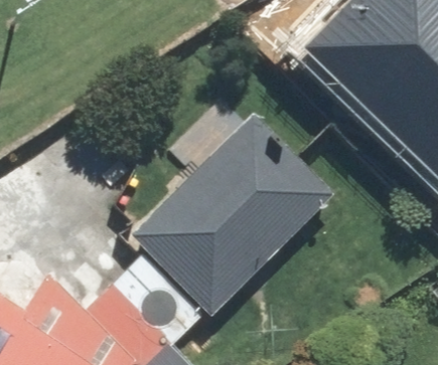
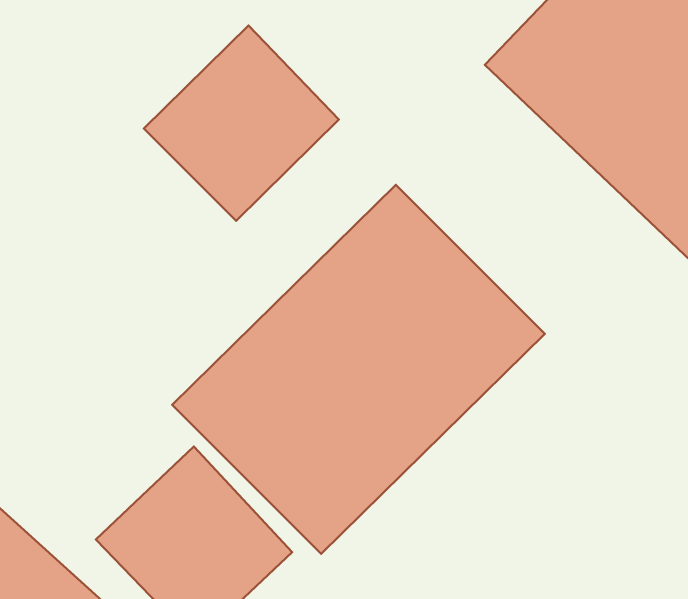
building: none -> [144,25,339,221]

